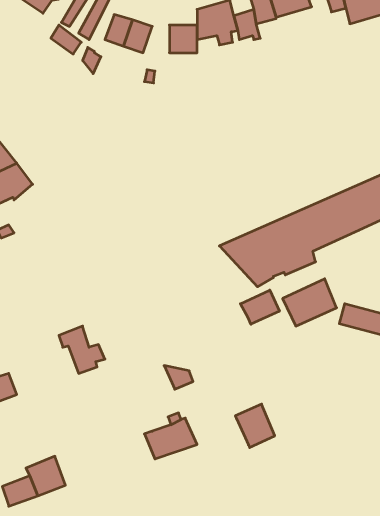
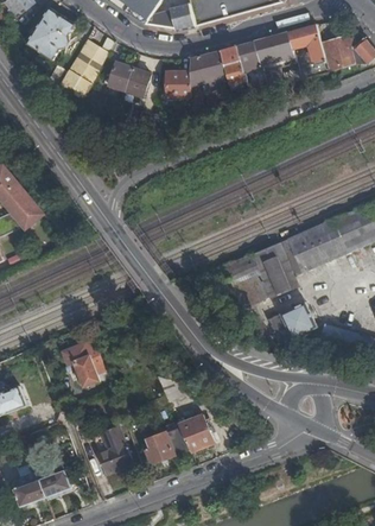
building: [240,290,279,324] -> none
building: [235,404,275,448] -> [178,413,214,452]
building: none -> [93,427,133,475]

